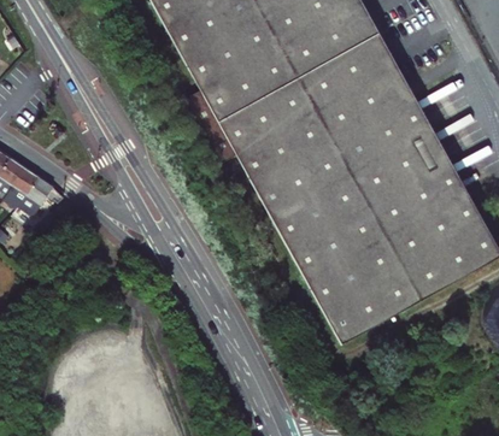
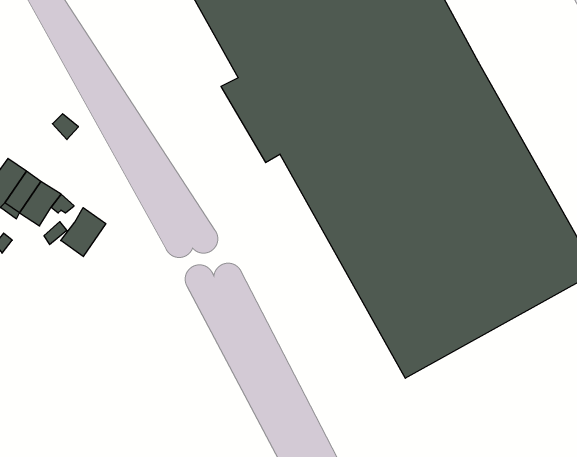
building: none -> [61,208,106,257]

